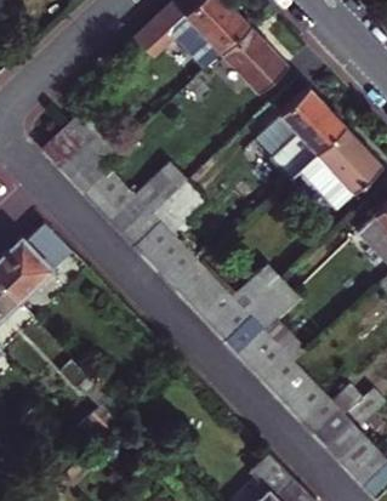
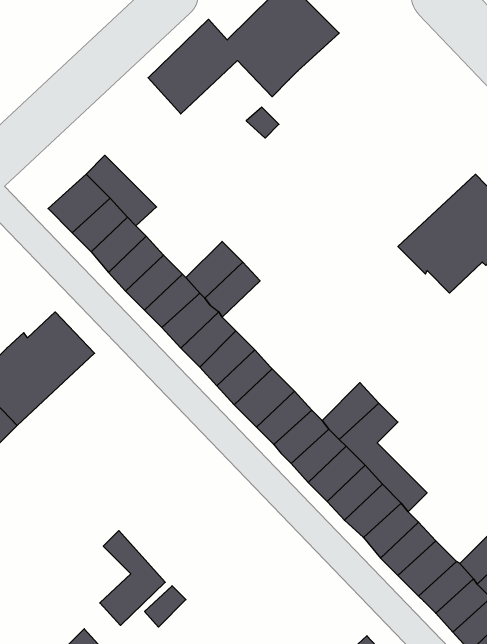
building: [217,27,283,92] -> none
building: [254,90,342,177] -> none

